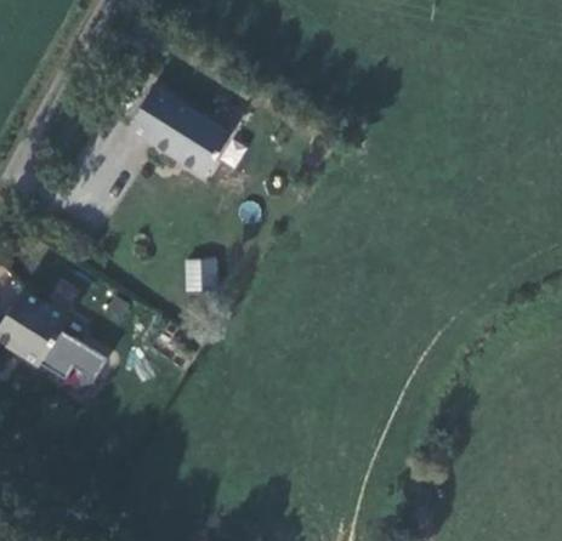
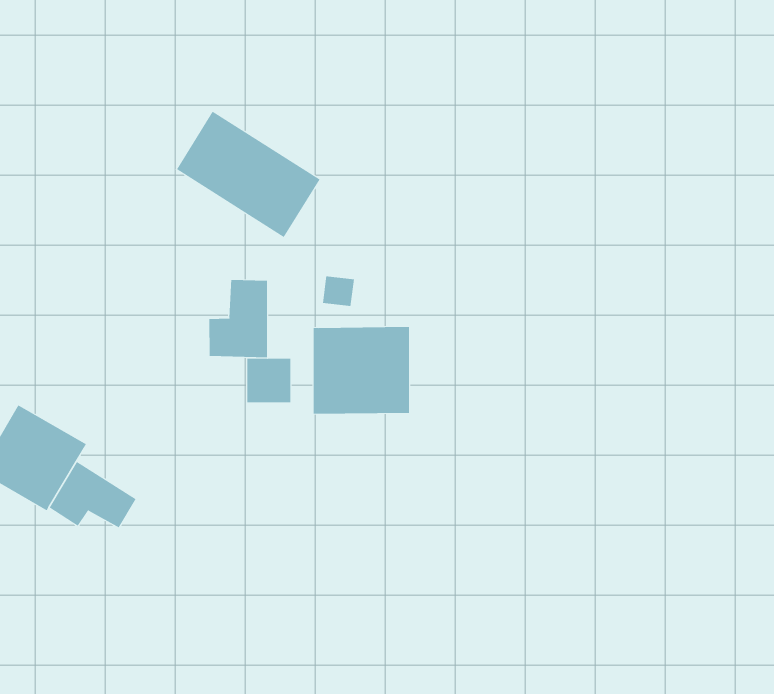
building: none -> [209,279,268,358]
building: none -> [313,326,410,414]

